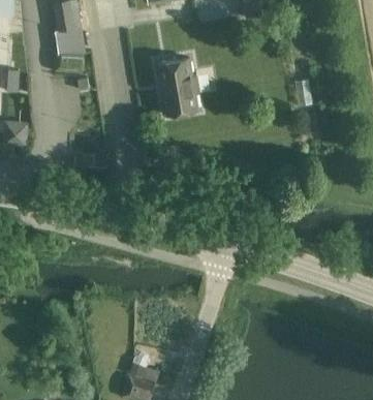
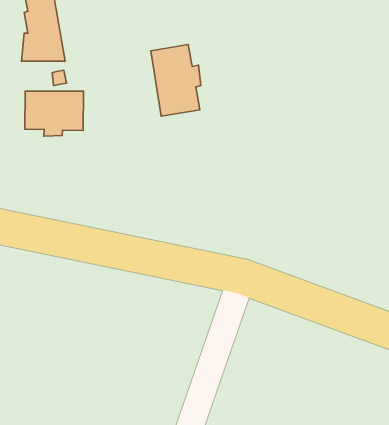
building: none -> [25,91,83,136]

